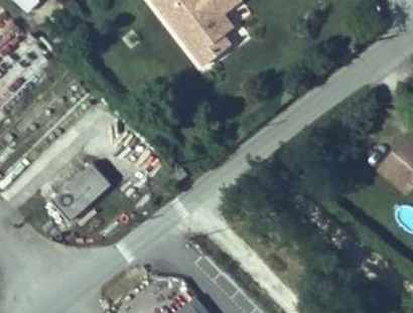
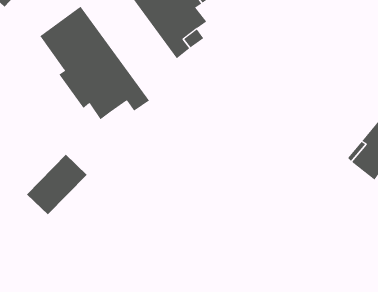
building: none -> [39,6,150,120]

